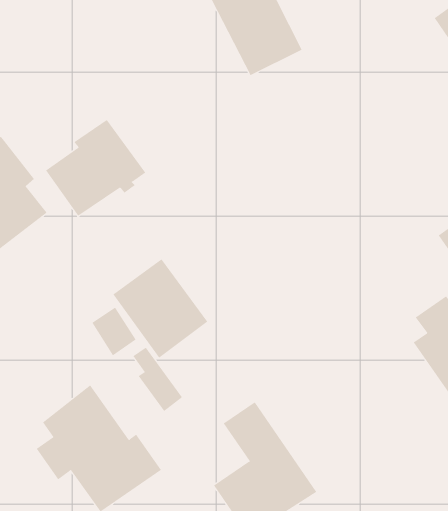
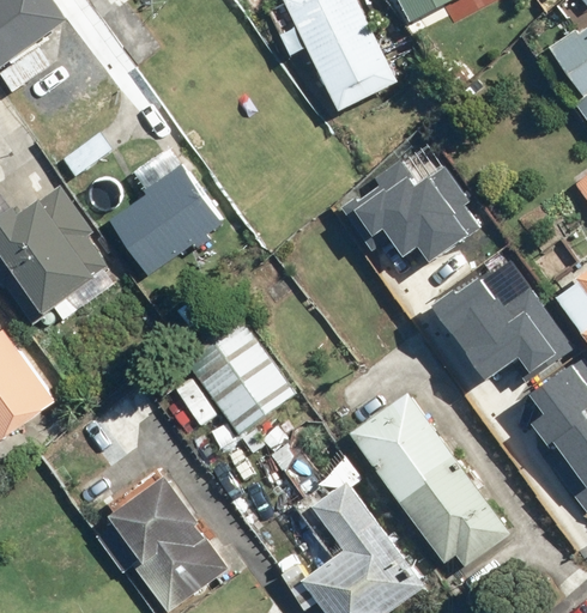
building: none -> [353,162,472,253]
building: none -> [425,266,561,376]
building: none -> [350,394,510,569]

